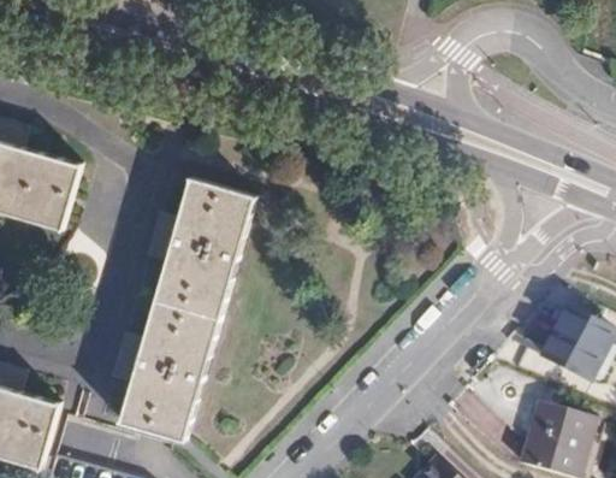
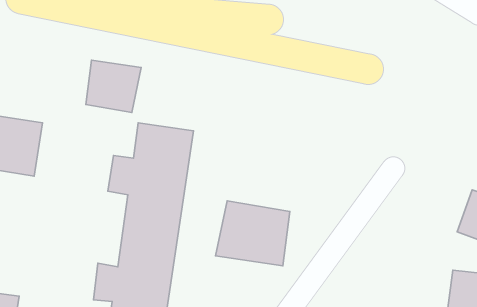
building: none -> [86,60,141,112]
building: none -> [216,201,290,266]

